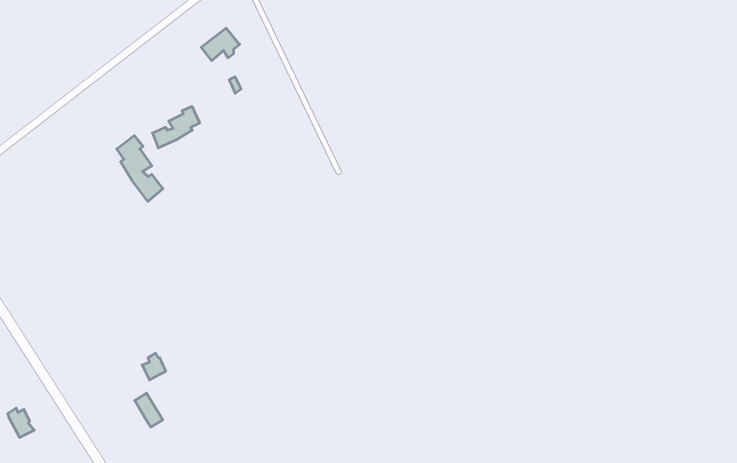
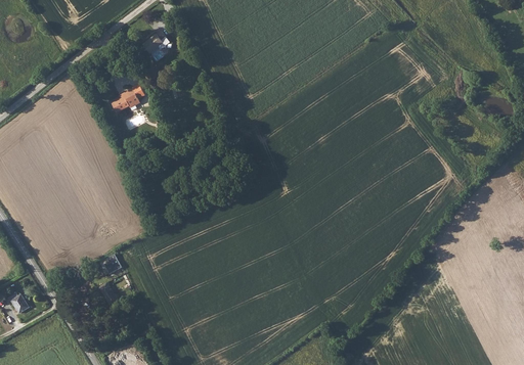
building: [117,136,163,201] -> none

